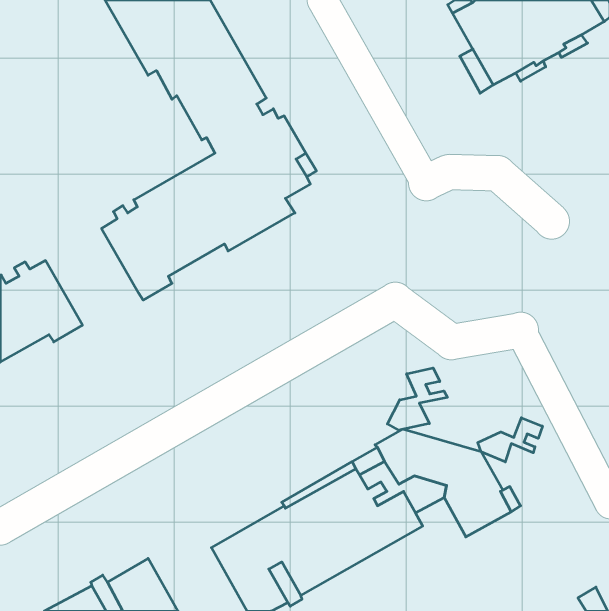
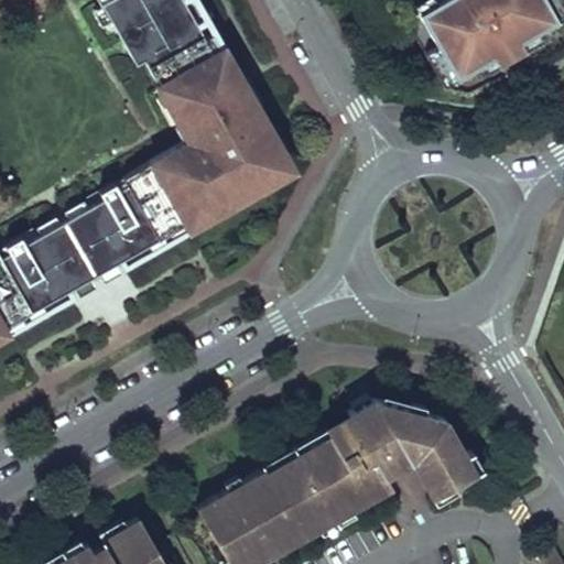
building: none -> [43,210,129,300]
building: [387,368,447,430] -> none
building: [478,418,542,462] -> none

